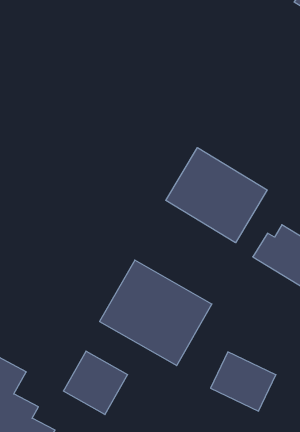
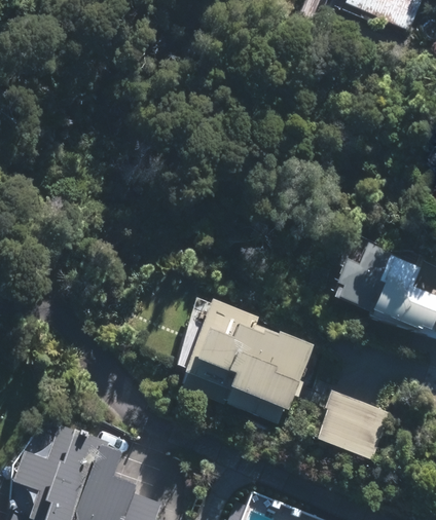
building: [166,148,267,243] -> none
building: [63,351,128,415] -> none

